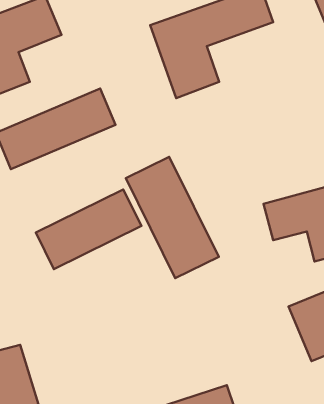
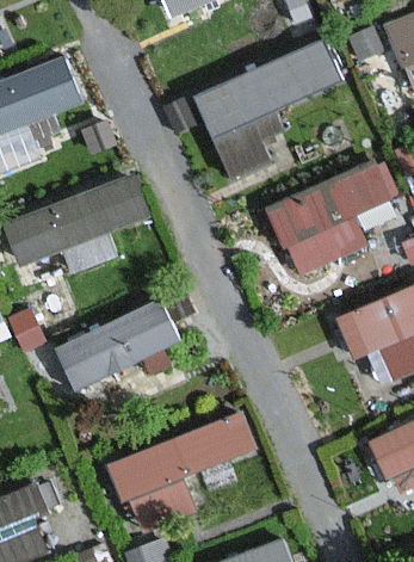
building: none -> [266,162,401,277]
building: [126,157,219,278] -> none
building: none -> [106,410,260,535]

